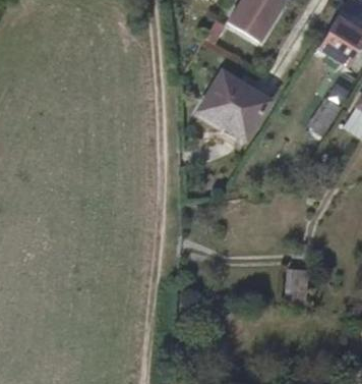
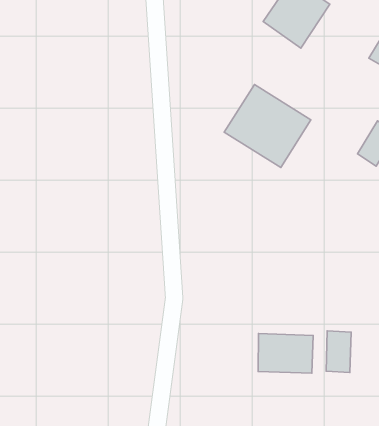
building: none -> [258,333,313,373]

